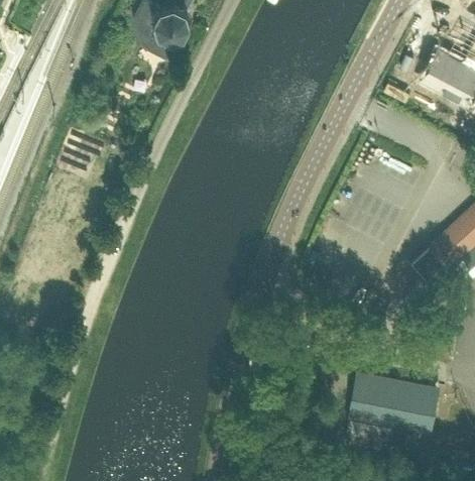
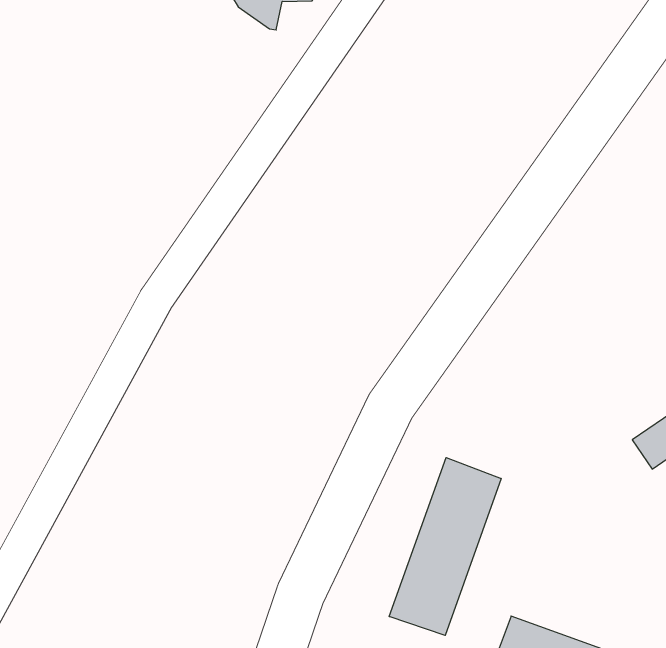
building: none -> [389,458,501,635]

